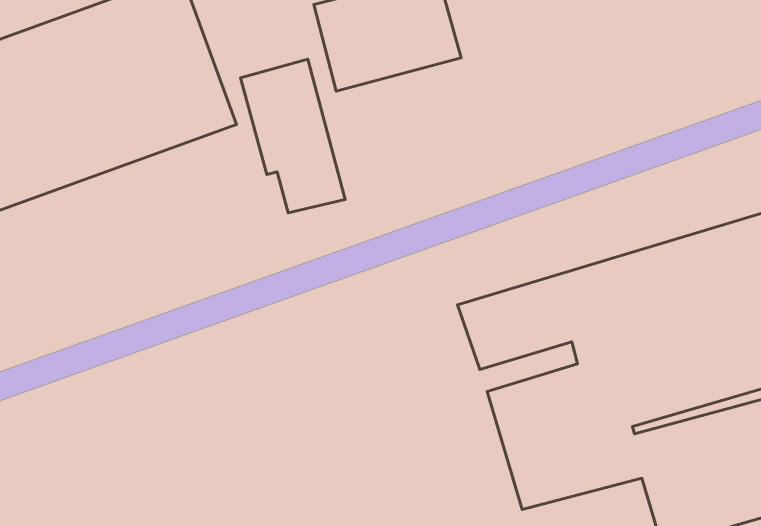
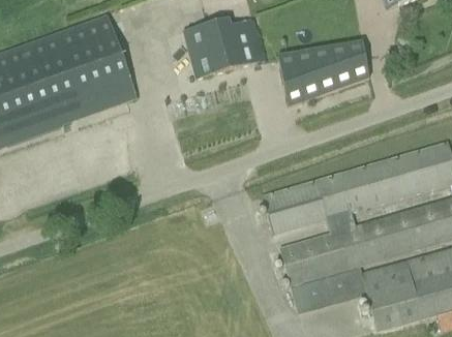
building: none -> [279,40,369,105]
building: [241,59,345,213] -> none

